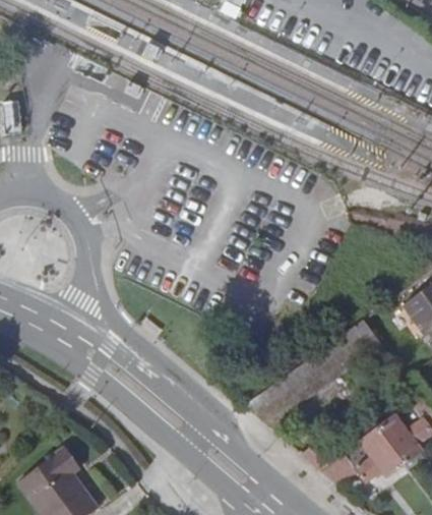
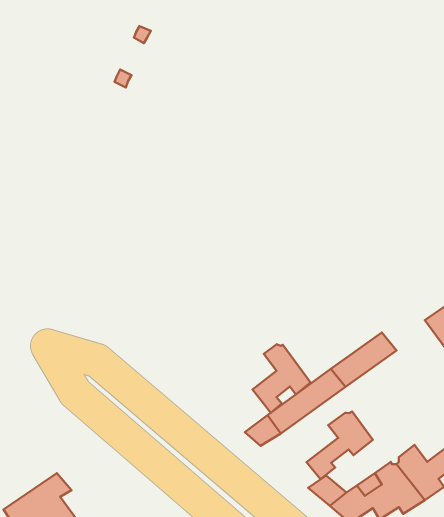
building: none -> [253,344,310,413]
building: none -> [306,412,373,479]

